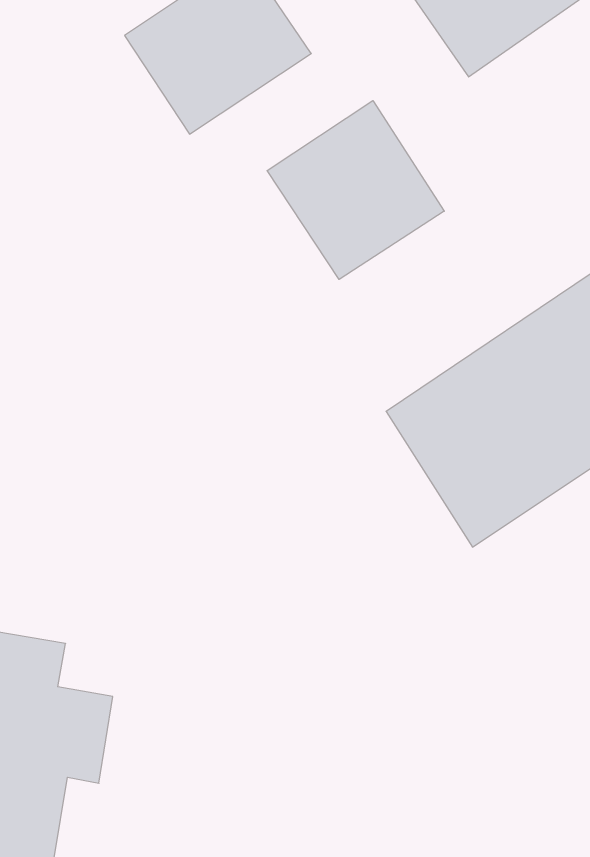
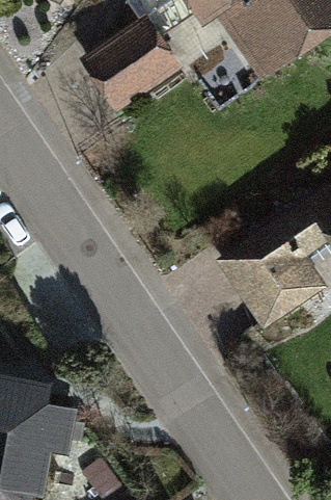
building: [267,101,444,279] -> none

